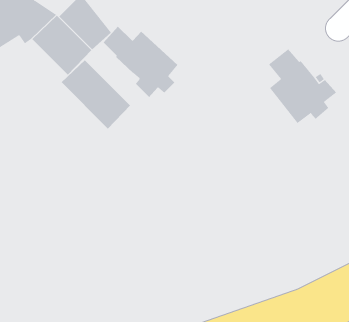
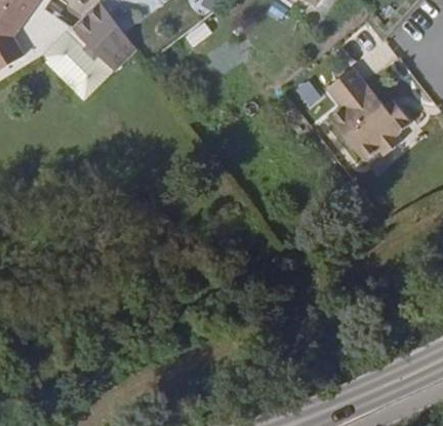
building: [103,26,178,98] -> none
building: [61,59,131,129] -> none

